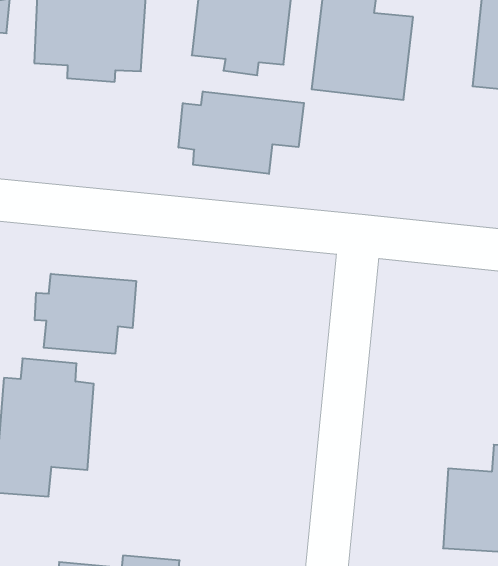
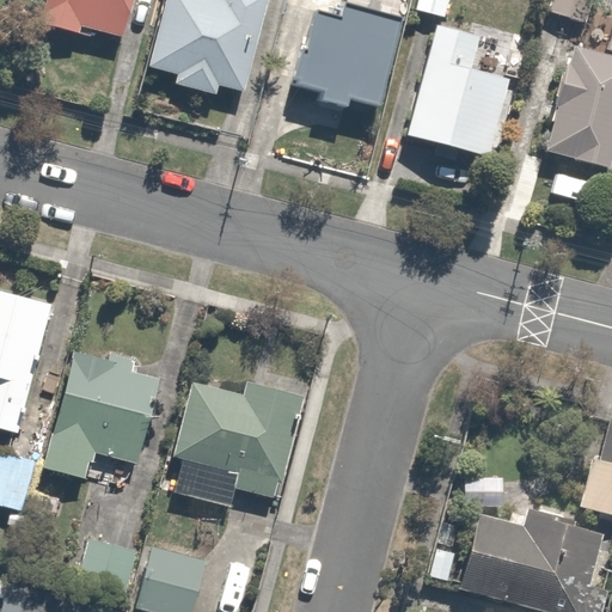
building: [179,91,304,174] -> none
building: [35,274,136,354] -> none
building: none -> [172,373,302,512]

